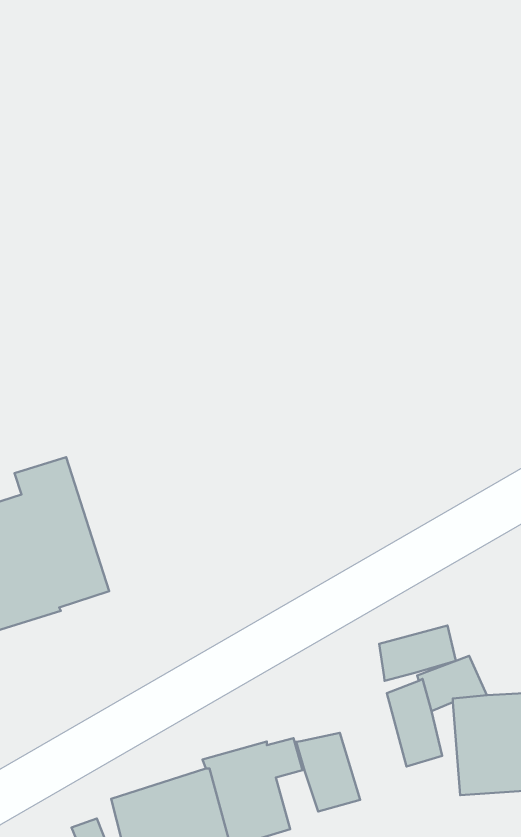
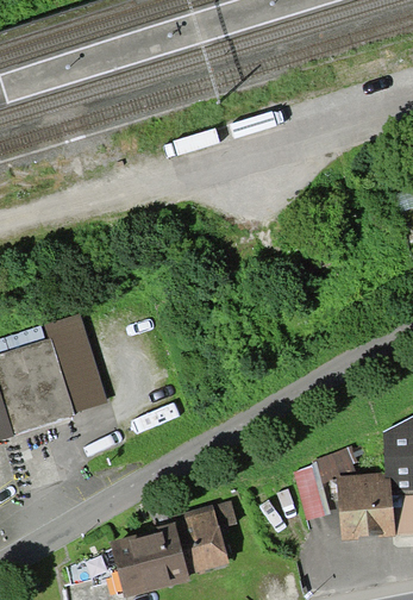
building: [379,626,456,681] -> none
building: [296,733,360,811] -> none

